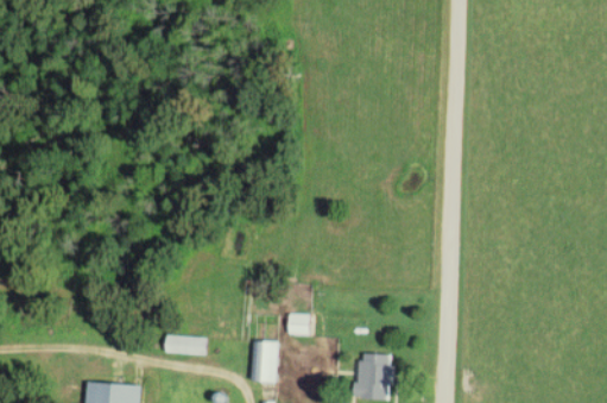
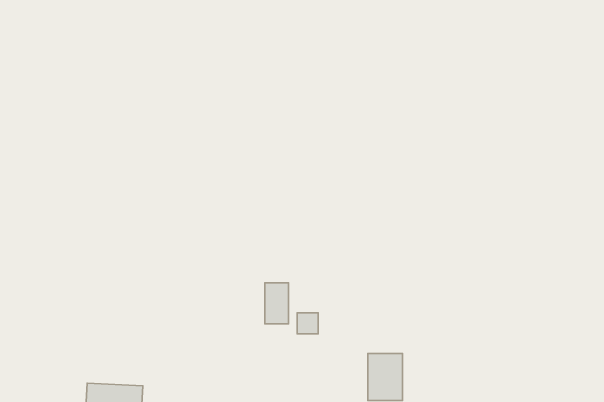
building: [165,336,206,354] -> none
building: [253,342,276,382] -> [265,283,288,324]

